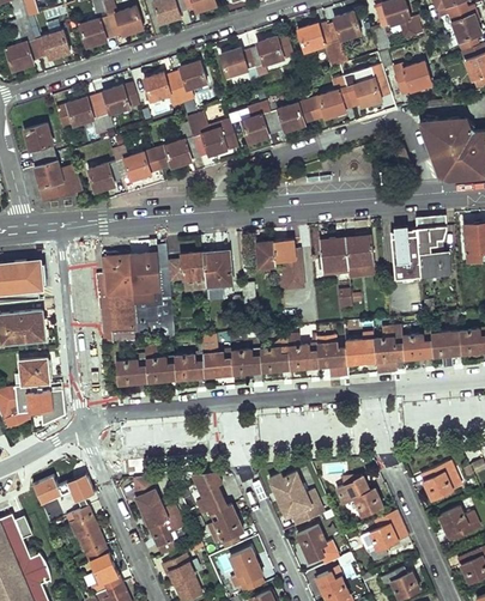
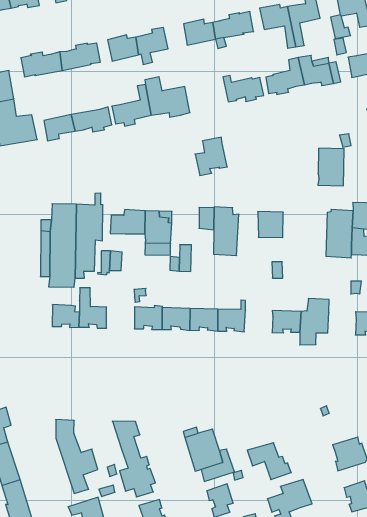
building: [241,101,275,142] -> [195,137,227,175]
building: [345,236,375,277] -> [318,148,344,186]
building: [404,334,434,358] -> none
building: [317,342,347,366] -> none
building: [174,353,205,378] -> none

